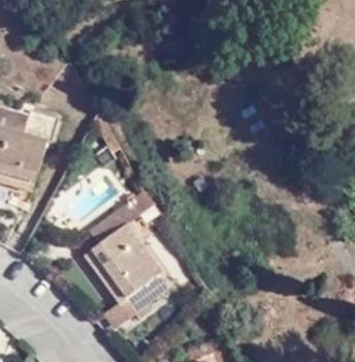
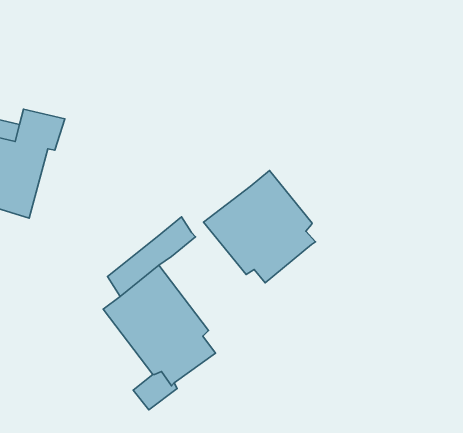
building: none -> [204,170,315,283]

